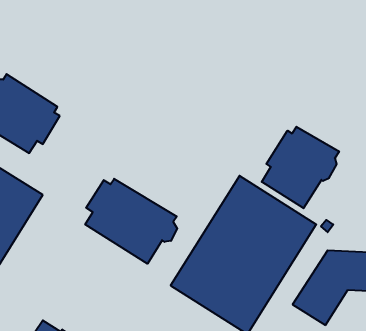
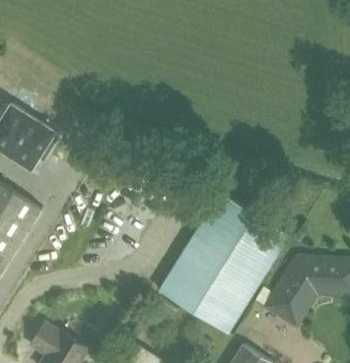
building: [262,127,339,208] -> none
building: [85,179,177,264] -> none

